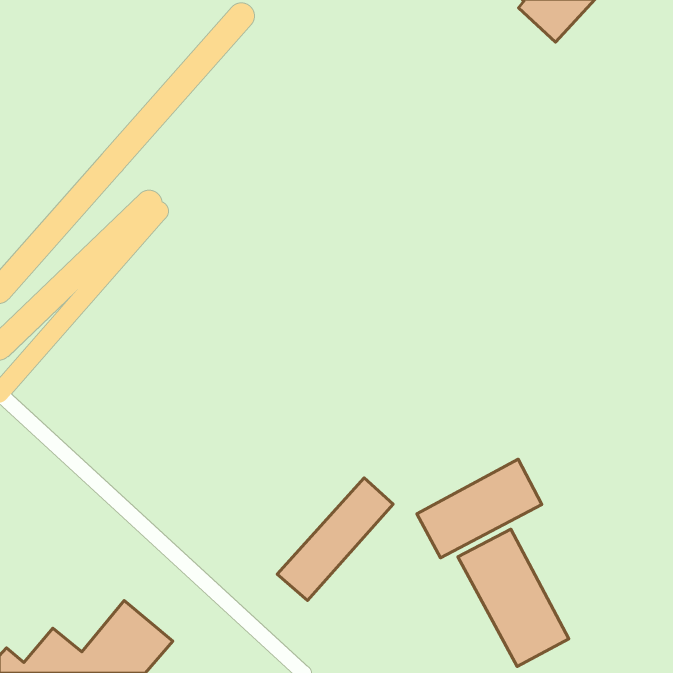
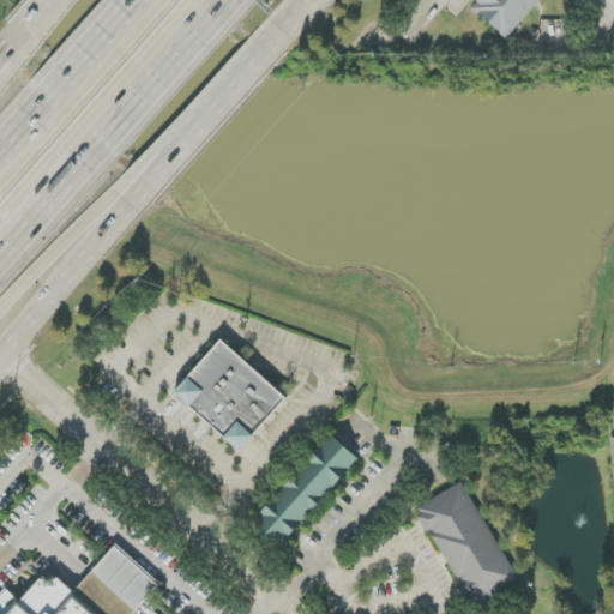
building: none -> [171,338,287,451]
building: [417,459,542,558] -> none

